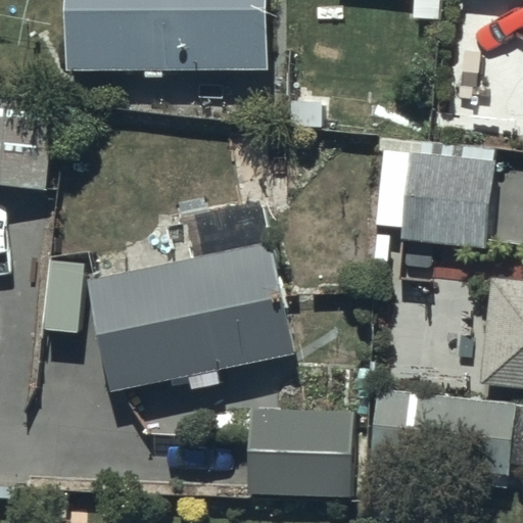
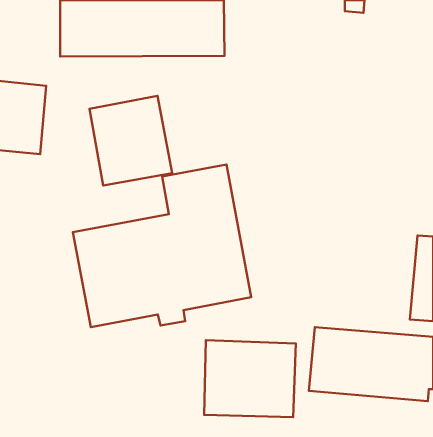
building: none -> [89,96,172,185]
building: [367,135,497,247] -> none

